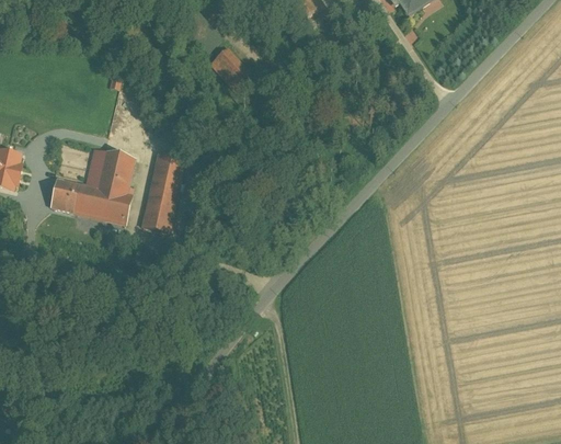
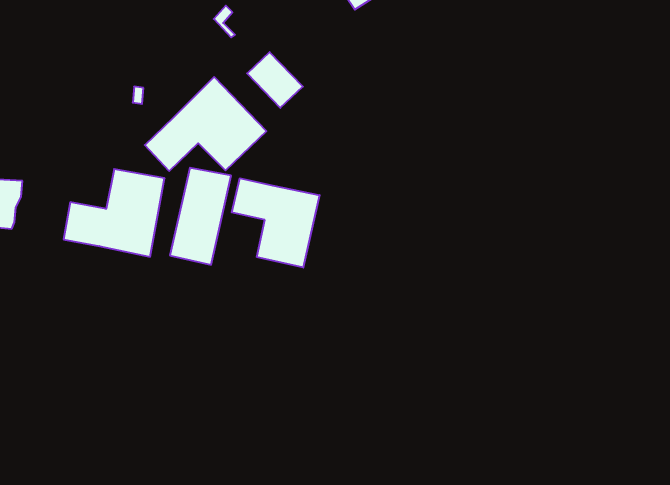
building: none -> [145,77,266,171]
building: none -> [232,178,320,268]

